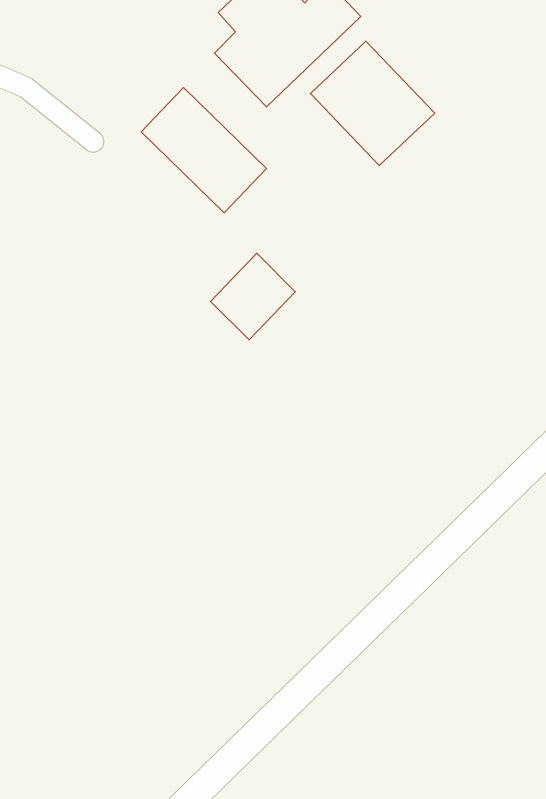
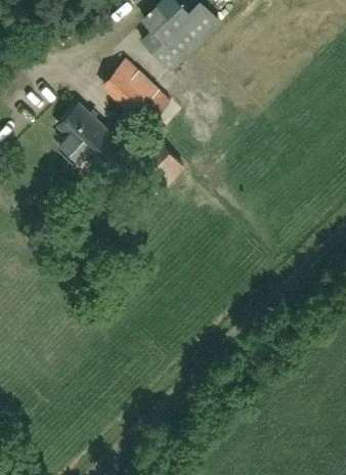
building: [310,41,435,166] -> none
building: none -> [56,103,118,167]

